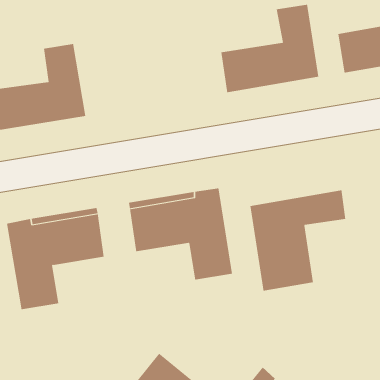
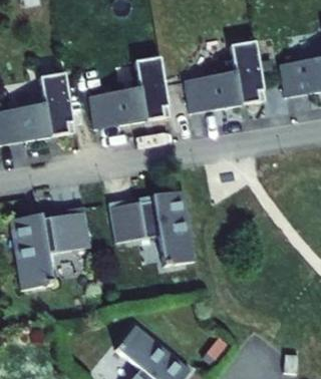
building: none -> [89,56,171,128]
building: [250,190,346,291] -> none

